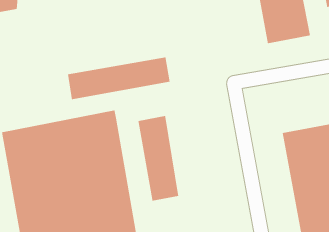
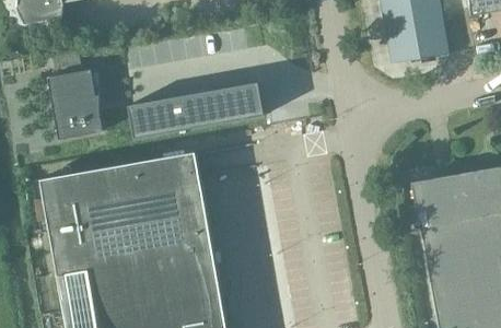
building: none -> [48,69,103,139]
building: [138,115,179,202] -> none

